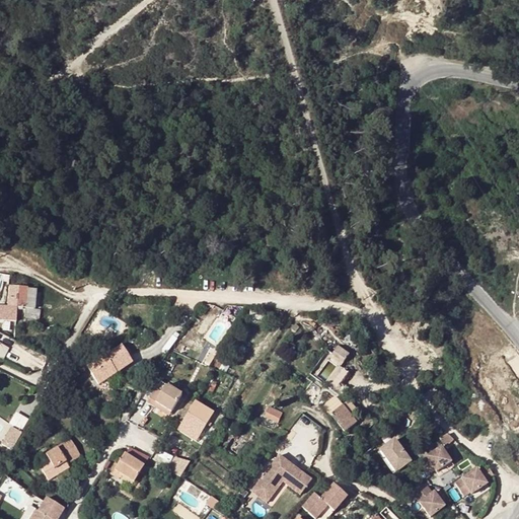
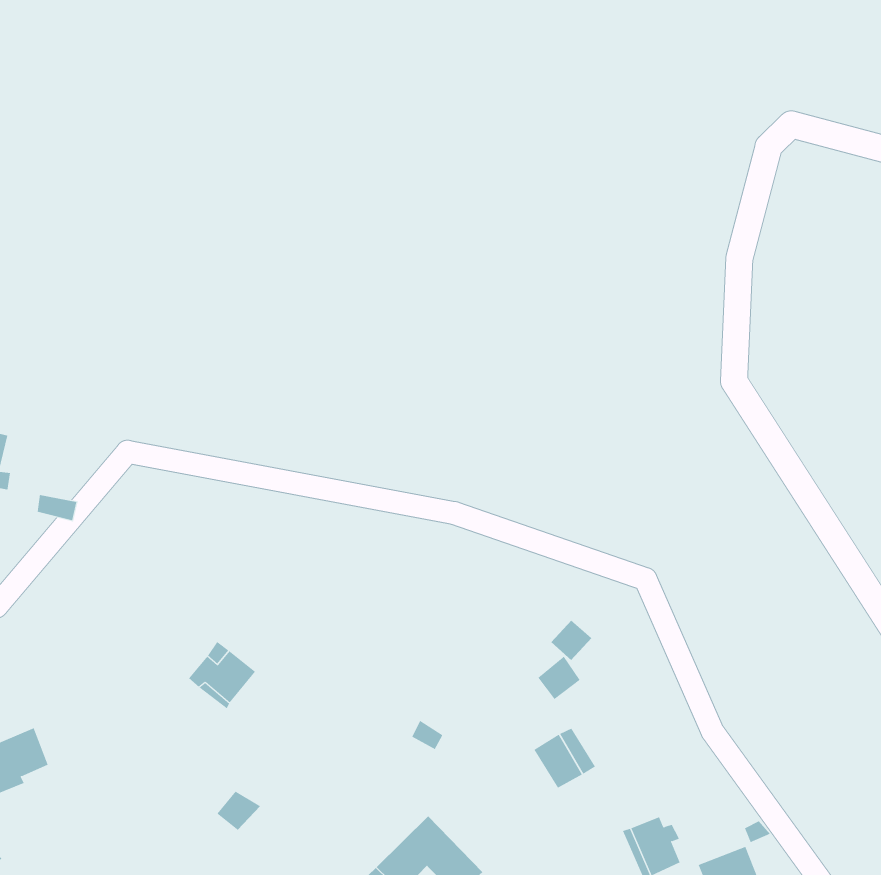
building: [83,344,131,383] -> none
building: [176,399,213,439] -> none
building: [112,453,143,481] -> none

